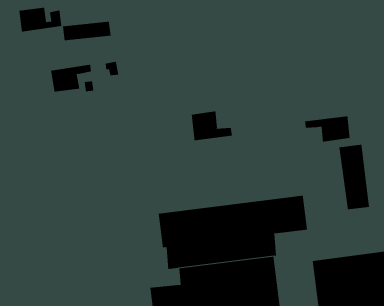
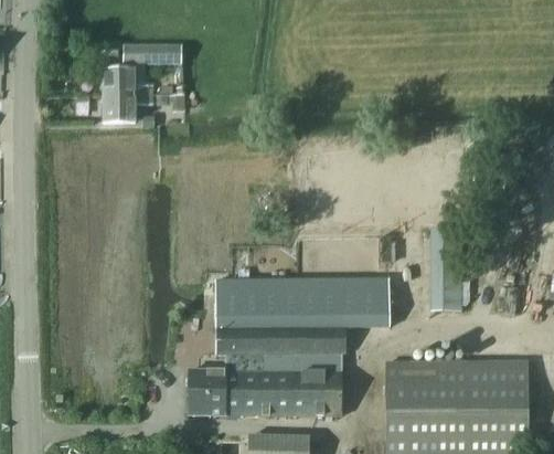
building: [18,7,62,32] -> [103,68,152,95]
building: [191,110,232,141] -> none
building: [304,115,350,142] -> none

